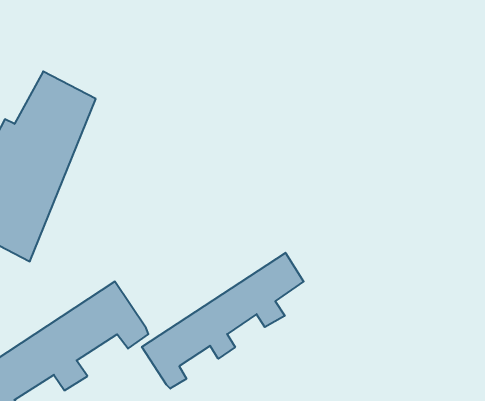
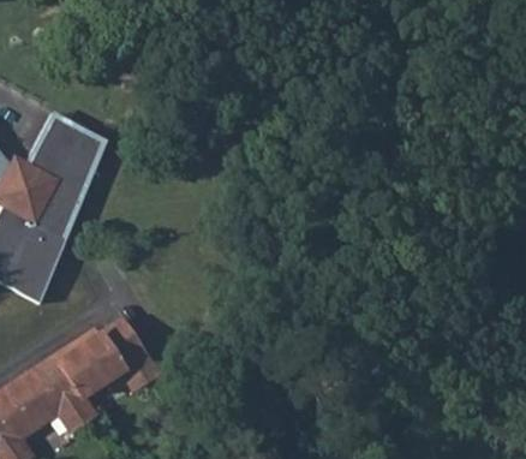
building: [142,253,304,389] -> none

